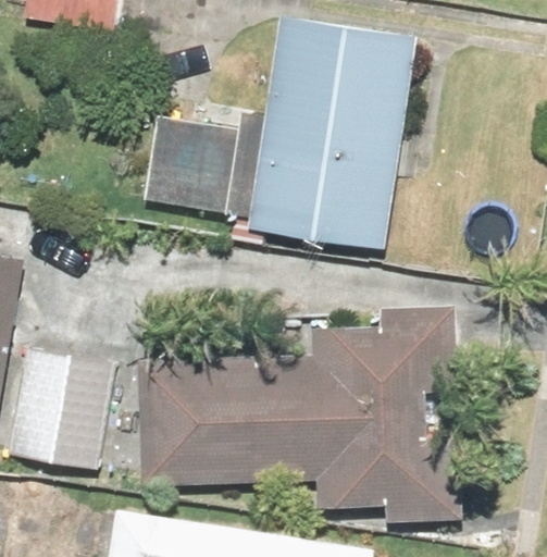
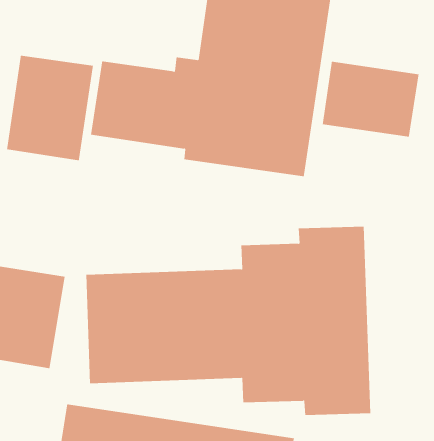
building: none -> [6,55,94,161]
building: none -> [322,61,419,138]

